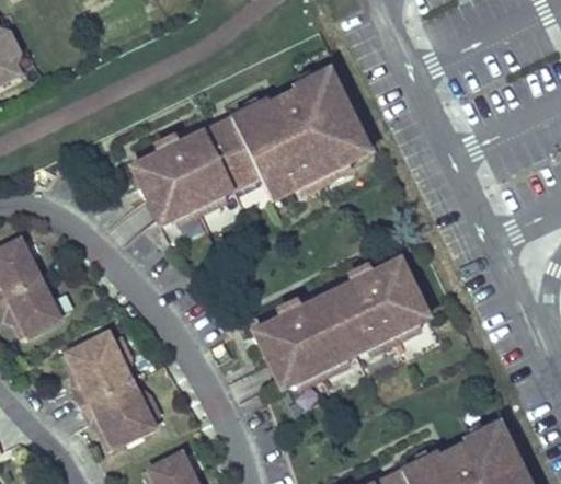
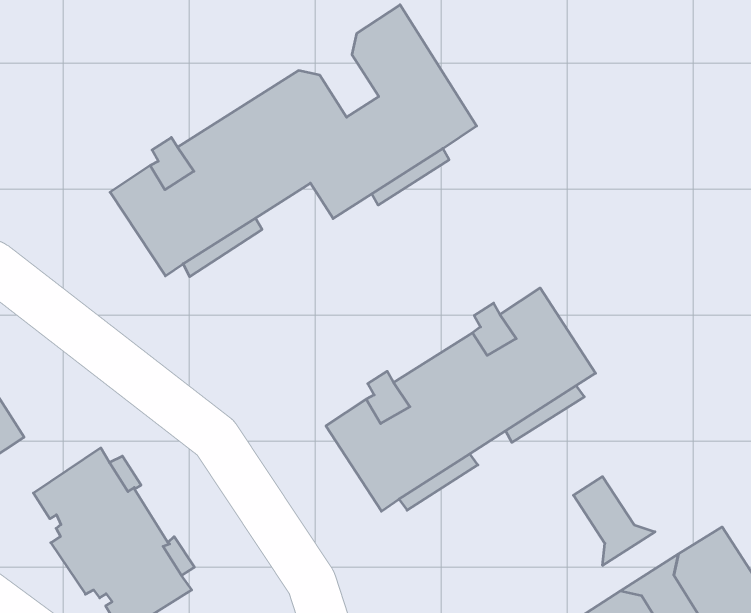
building: [260,83,309,136] -> none
building: none -> [573,477,655,565]

